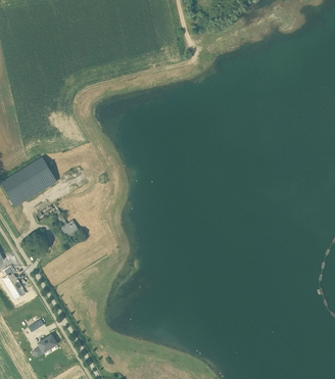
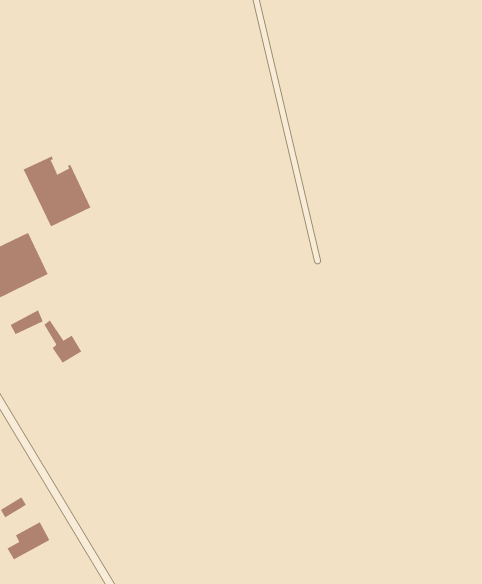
building: none -> [23,155,91,227]

